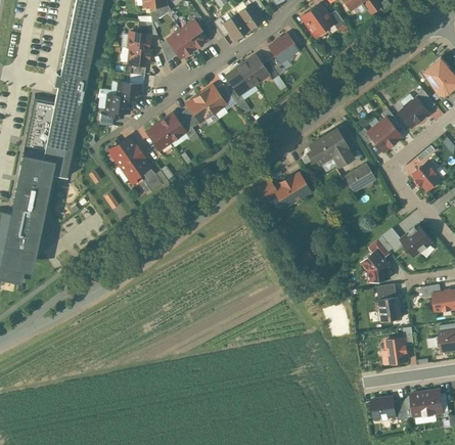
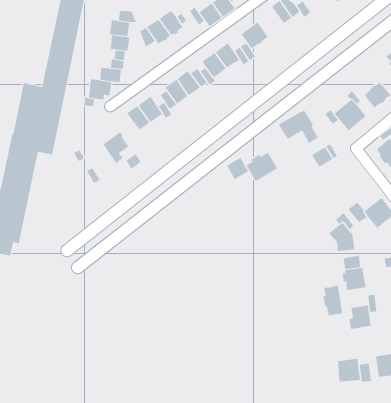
building: [108,137,139,166] -> none
building: none -> [323,285,343,316]

